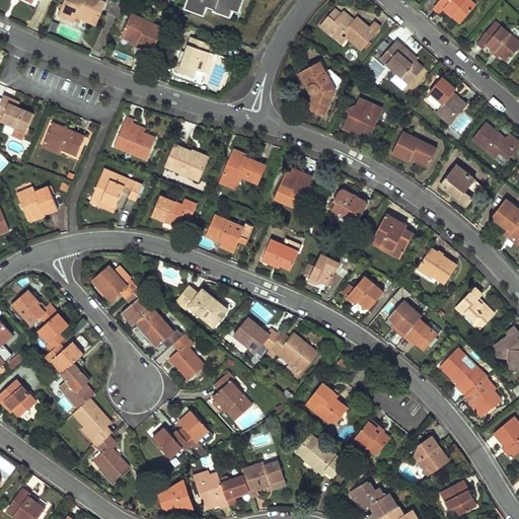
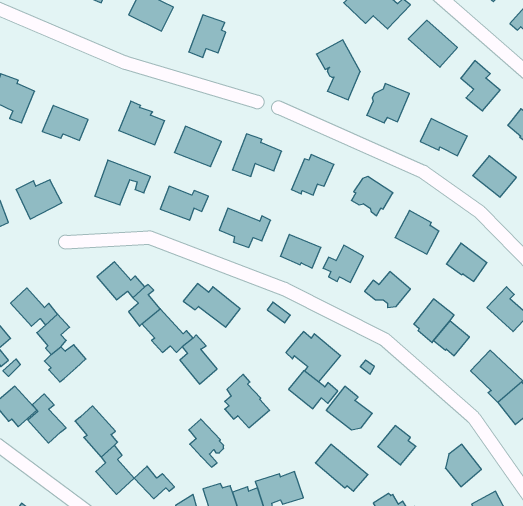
building: [232,318,278,354] -> [289,371,338,409]
building: [58,364,93,410] -> [28,394,66,443]
building: [151,427,189,457] -> [134,466,174,499]

